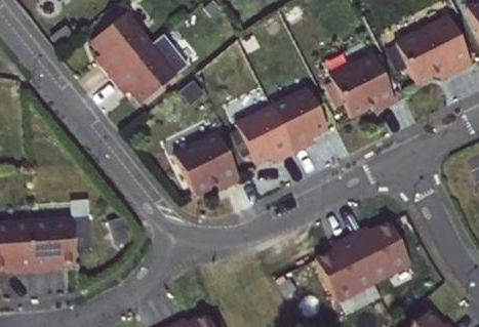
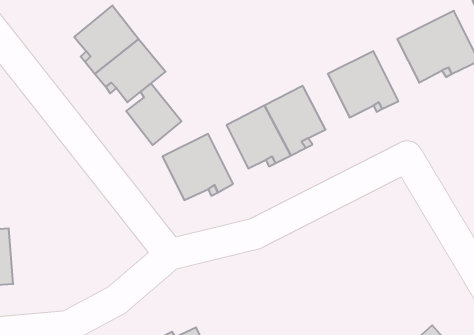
building: none -> [126,83,181,145]
building: [31,217,74,273] -> none
building: [316,222,410,300] -> none

